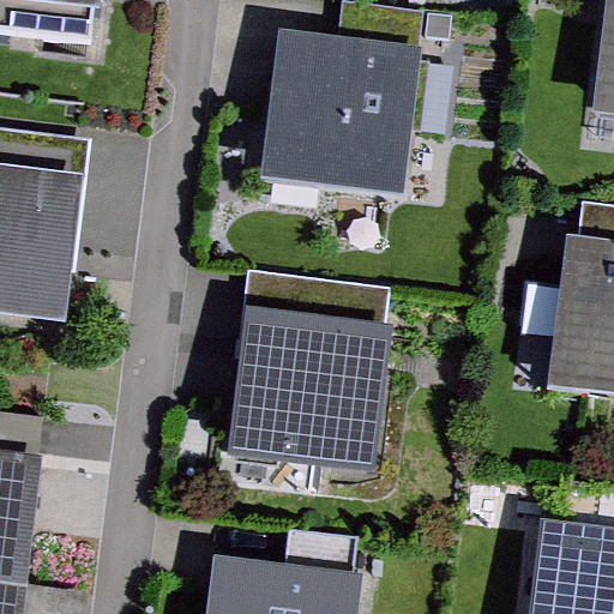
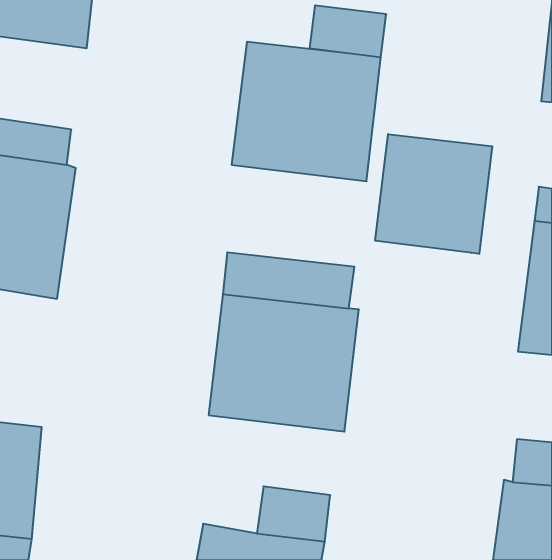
building: none -> [375,134,492,254]

